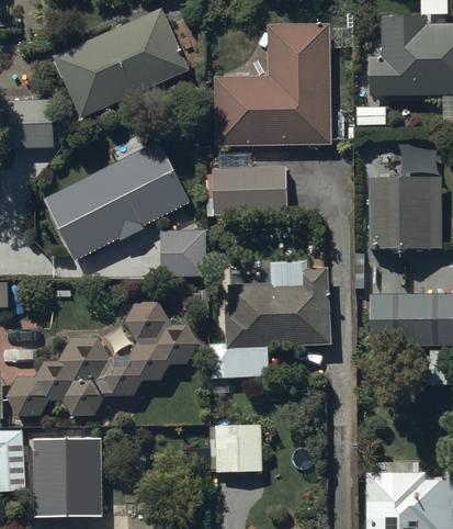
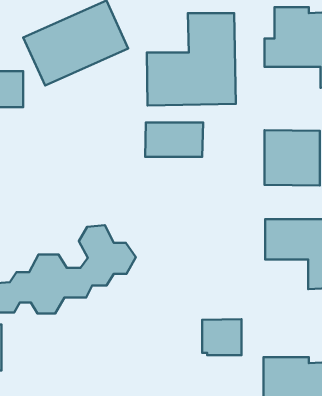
building: [46,140,191,259] -> none
building: [160,229,206,275] -> none
building: [211,261,330,379] -> none
building: [211,424,262,471] -> [202,319,241,355]
building: [31,436,101,514] -> none

